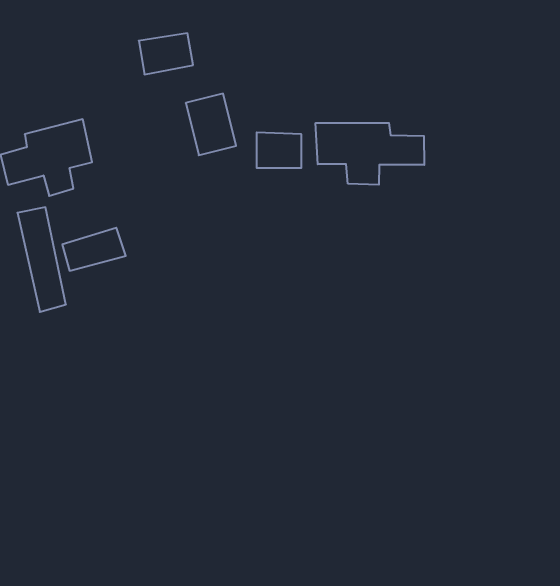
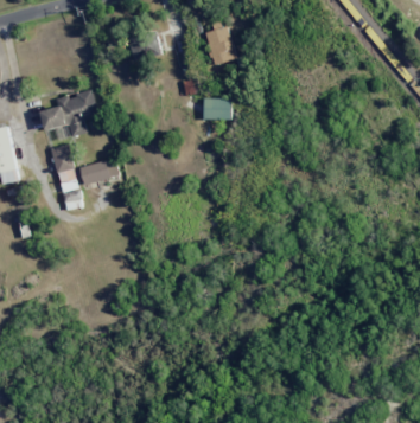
building: [186,94,236,155] -> [204,26,236,65]
building: [316,123,424,185] -> none

